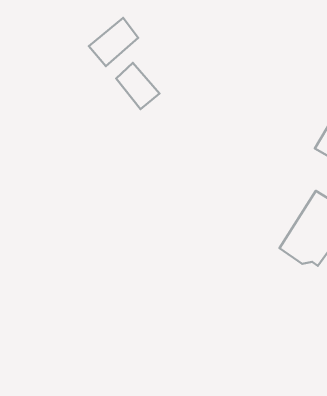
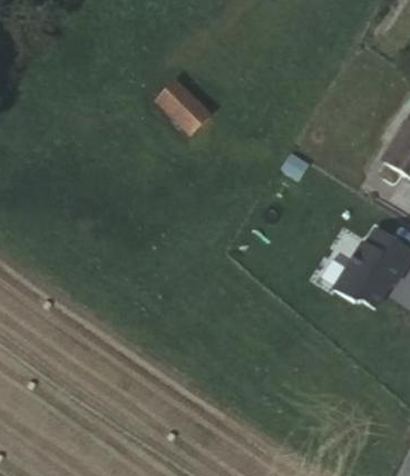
building: [89,18,138,66] -> none

